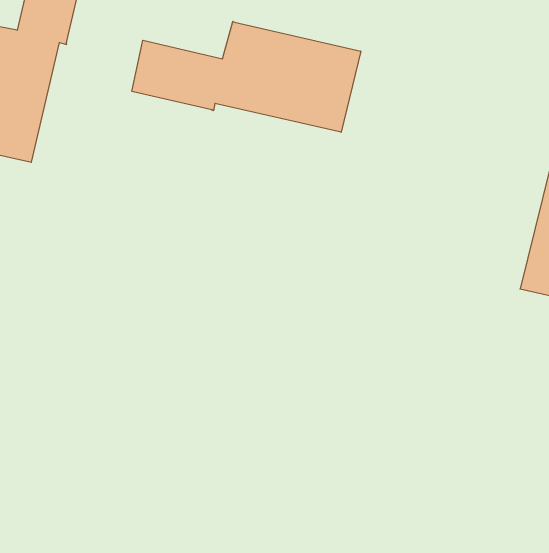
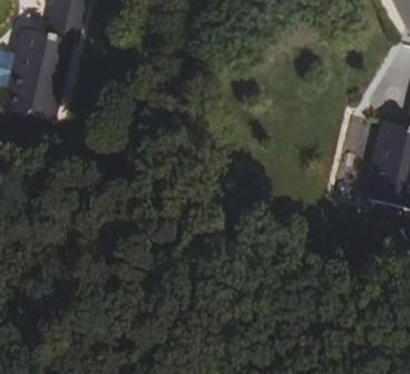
building: [132,21,361,132] -> none

